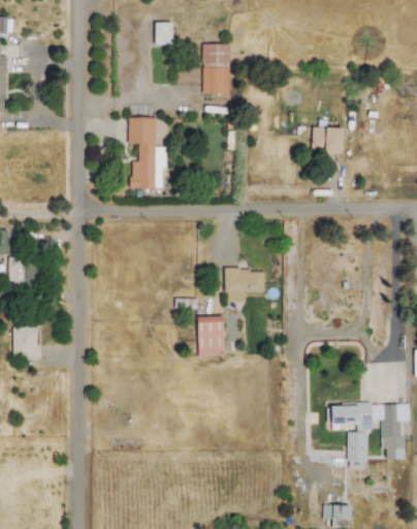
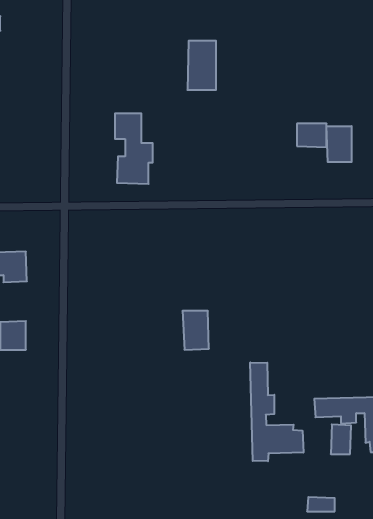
building: [155,23,173,45] -> none
building: none -> [327,126,352,162]
building: [225,270,264,303] -> none
building: none -> [250,362,303,461]

